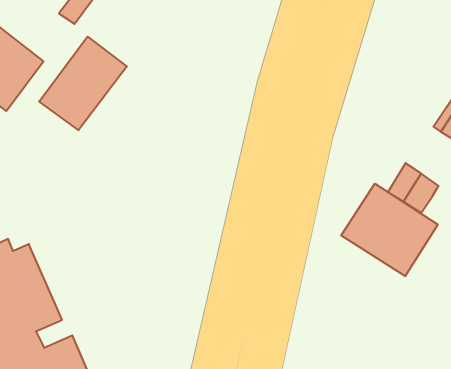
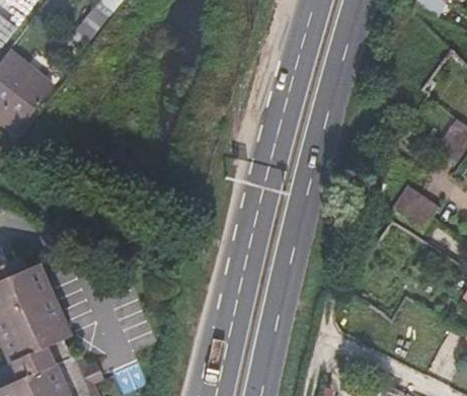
building: [39,37,127,130] -> none
building: [341,184,438,276] -> none

